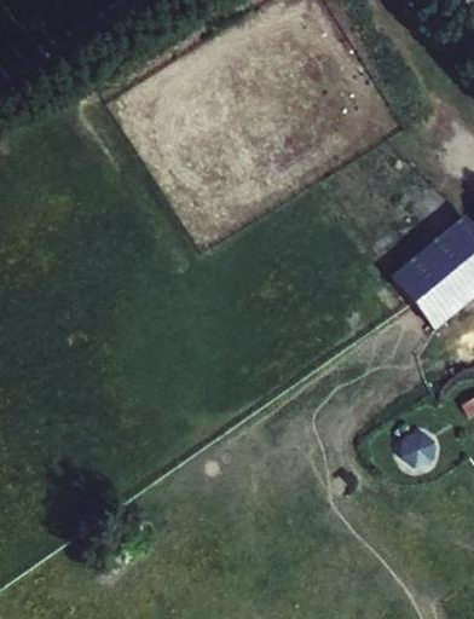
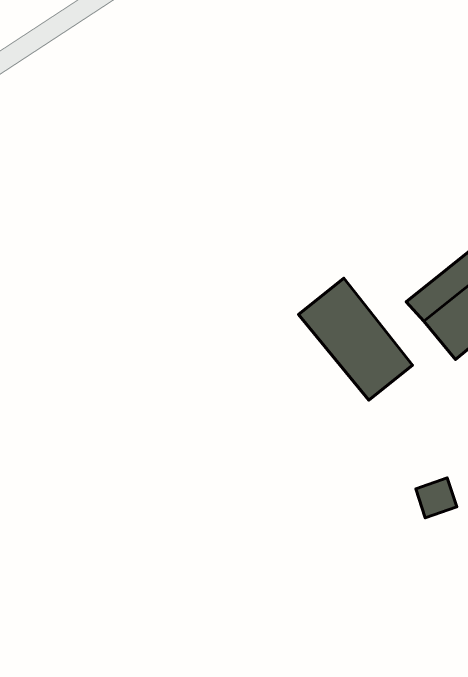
building: none -> [298,278,413,400]

